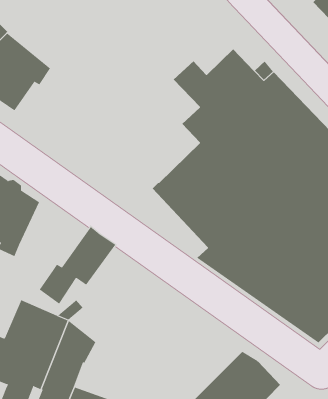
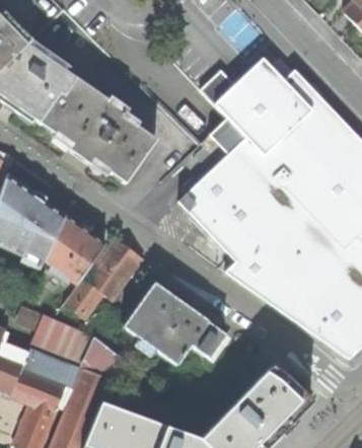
building: none -> [39,77,155,181]
building: none -> [44,214,104,283]
building: none -> [123,282,224,364]

